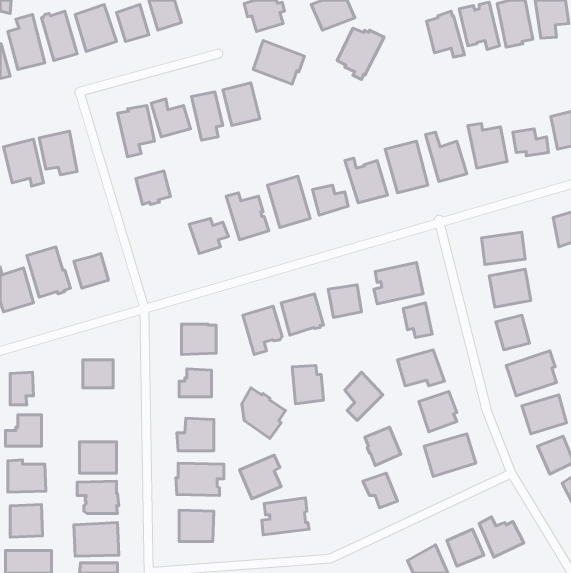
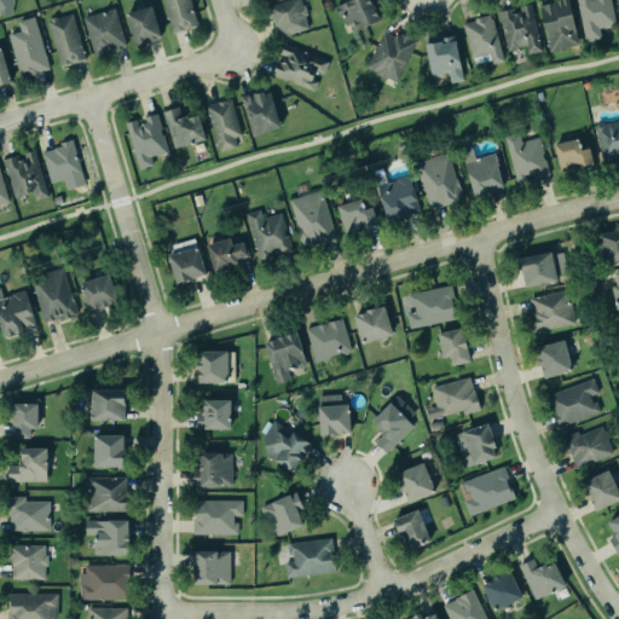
building: none -> [426,36,464,82]
building: [136,171,171,204] -> [168,244,206,280]
building: none -> [93,434,126,465]

